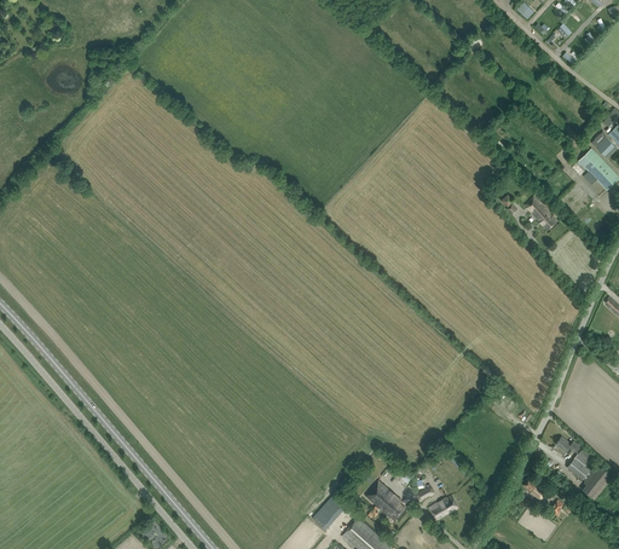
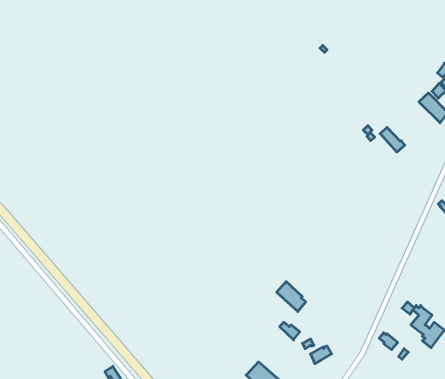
building: [364,480,404,521] -> [277,282,306,312]
building: [311,496,345,530] -> none

